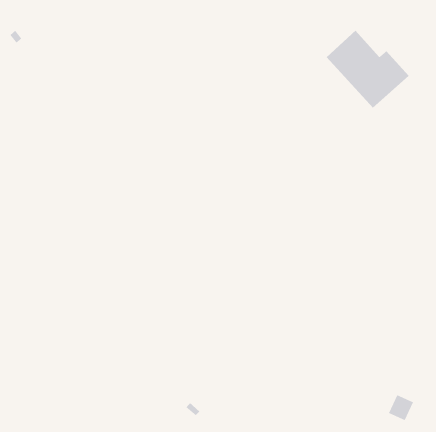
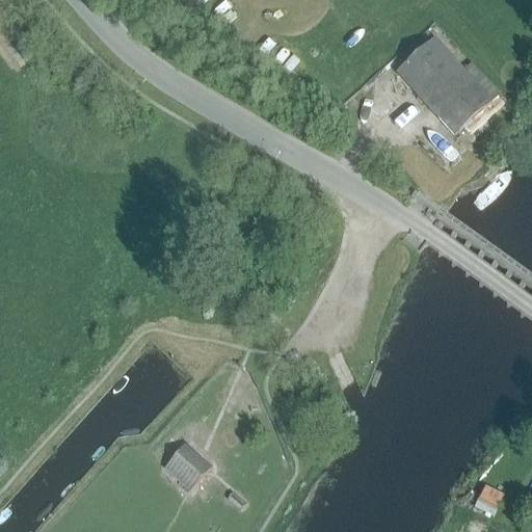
building: none -> [163,443,211,489]

